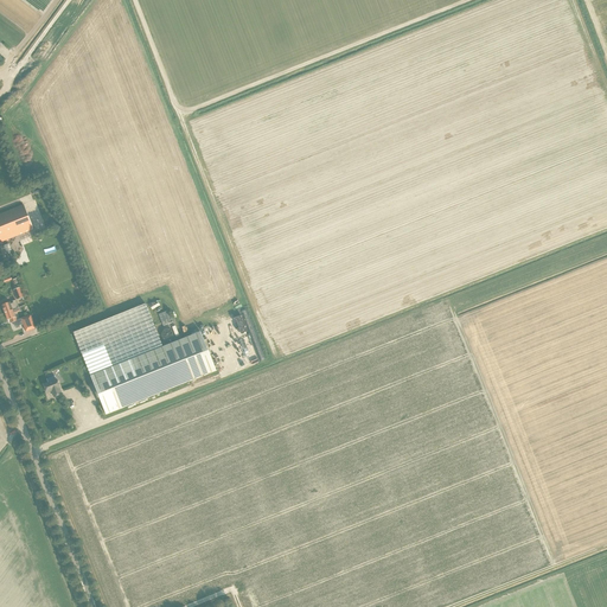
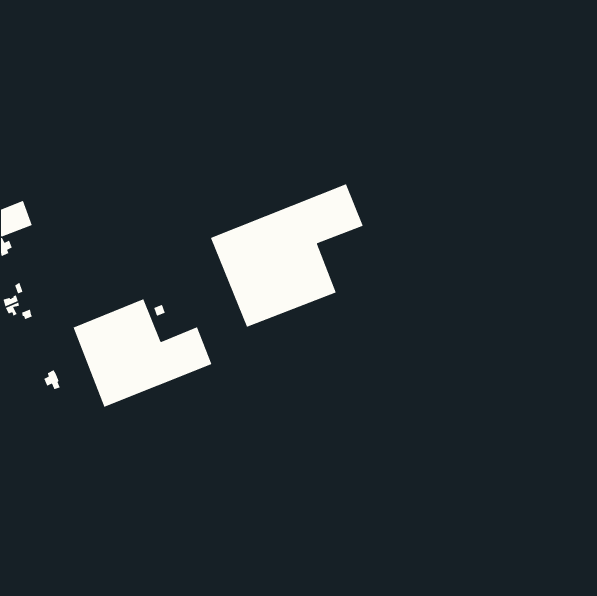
building: none -> [210,183,364,328]

